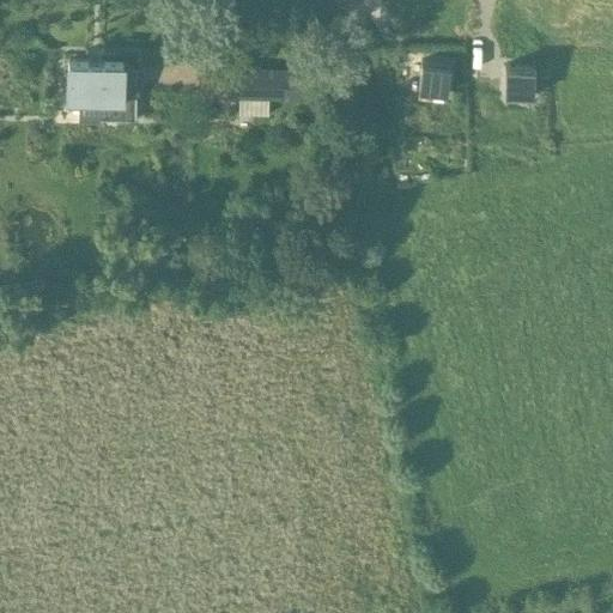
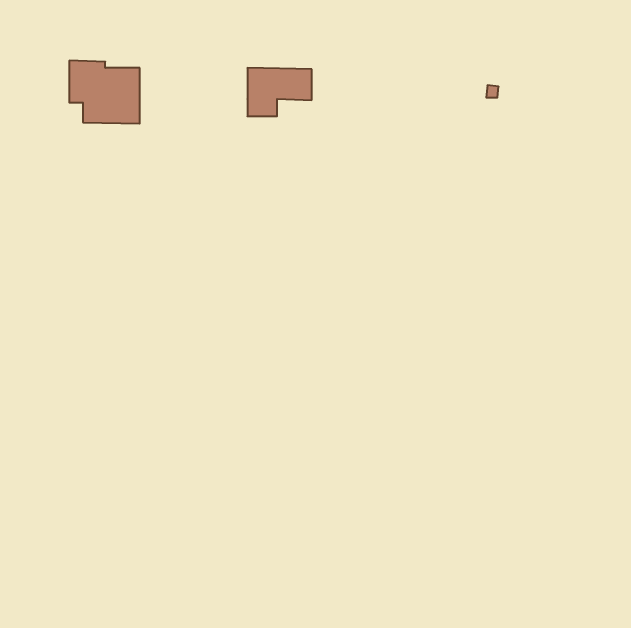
building: [419,62,451,93] -> none
building: [504,72,533,101] -> none

